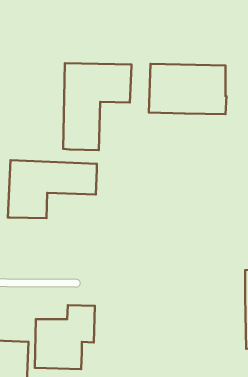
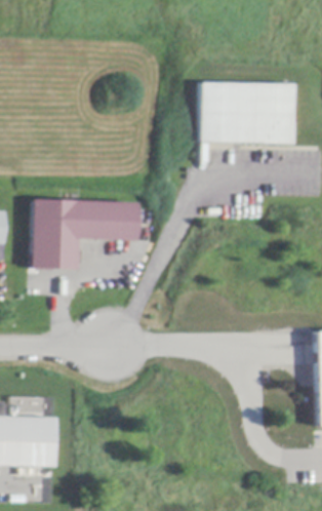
building: [63,63,131,150] -> none
building: [35,305,95,369] -> none

